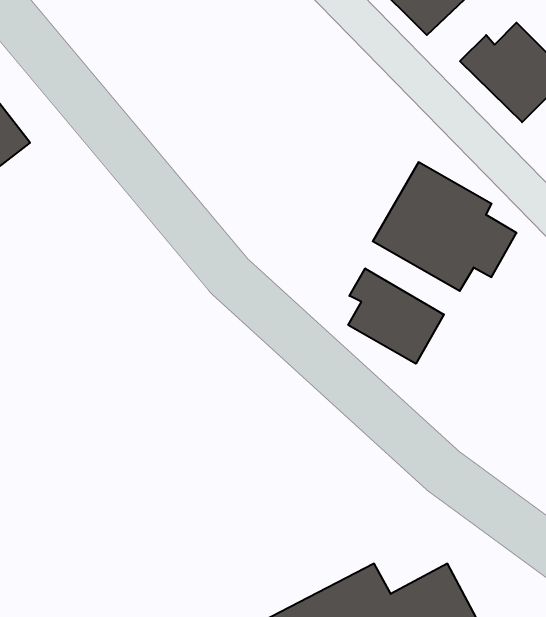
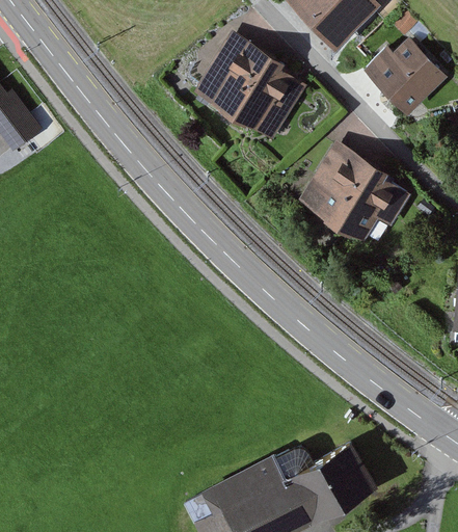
building: none -> [192,30,304,138]
building: [348,268,444,364] -> none

